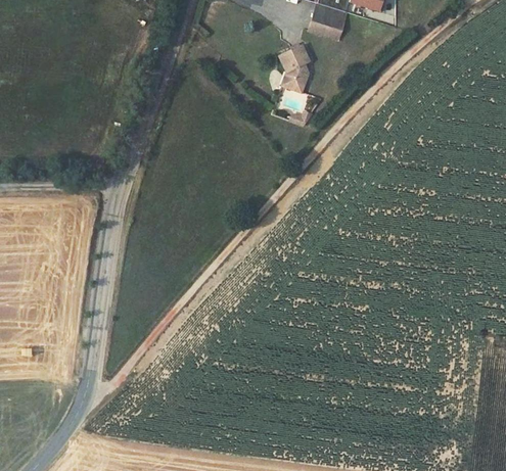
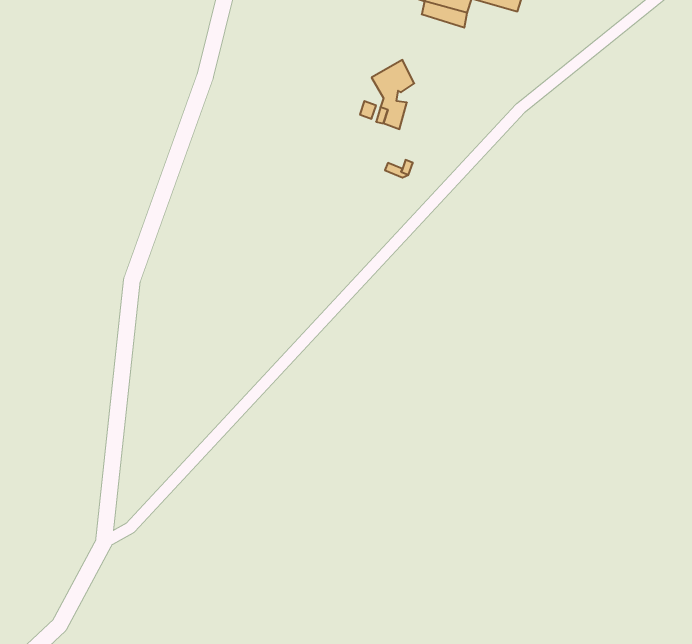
building: [310,11,344,38] -> none

